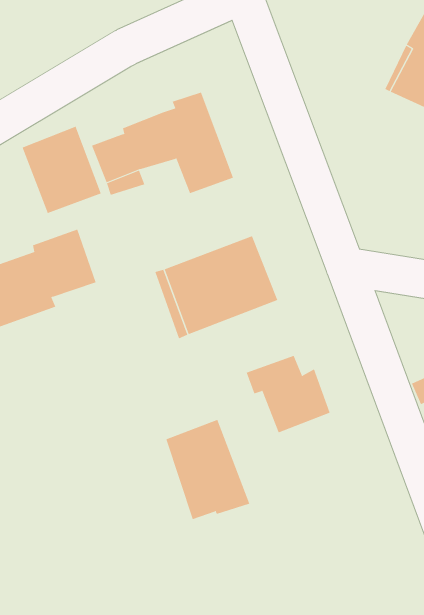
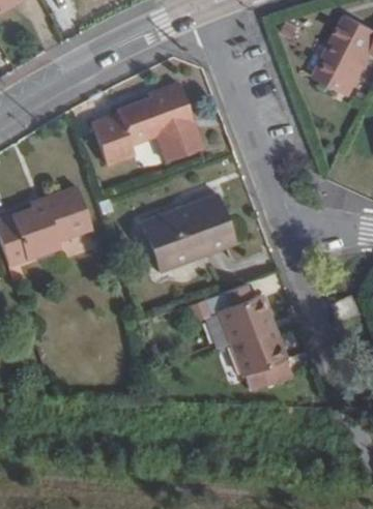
building: [22,126,102,214] -> none
building: [165,419,250,520] -> [231,328,296,406]

